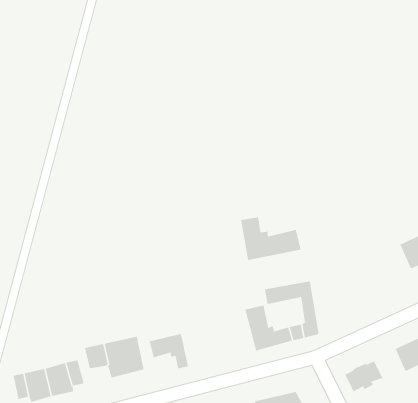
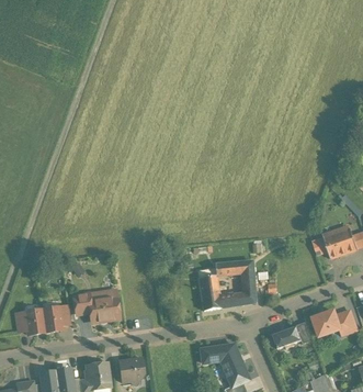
building: [240,216,301,261] -> none
building: [149,333,189,369] -> none

